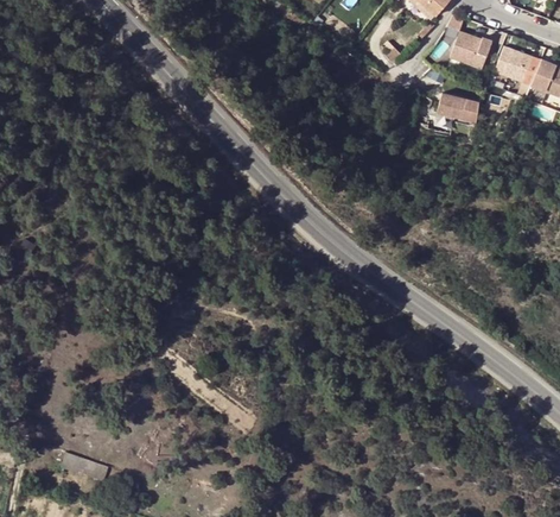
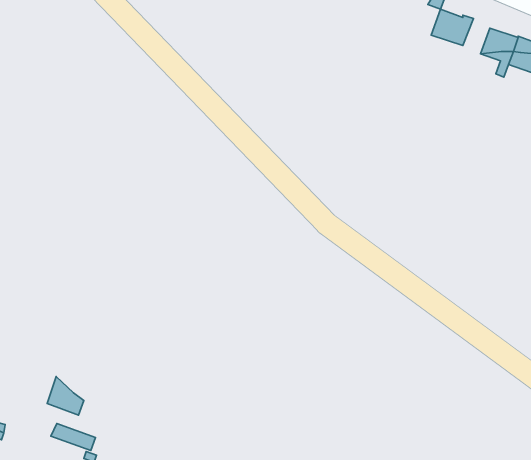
building: [433,94,476,124] -> none
building: none -> [47,377,84,415]

